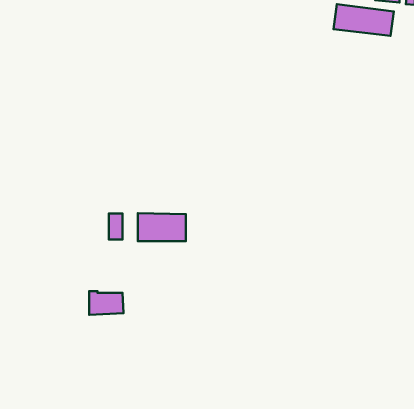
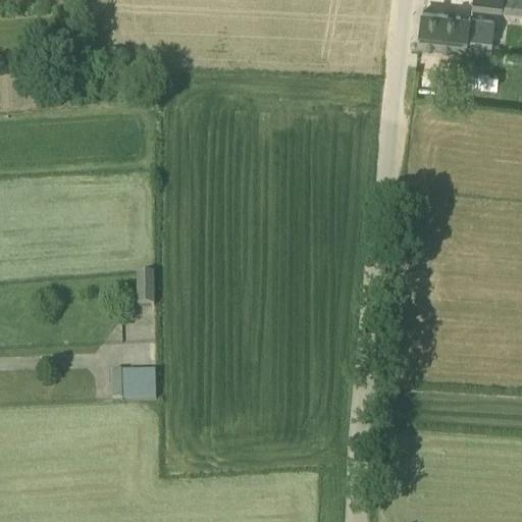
building: [138,213,186,241] -> none

